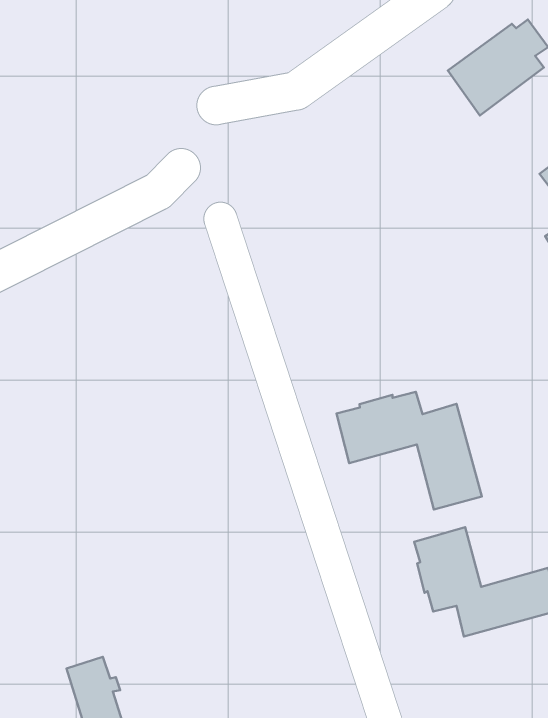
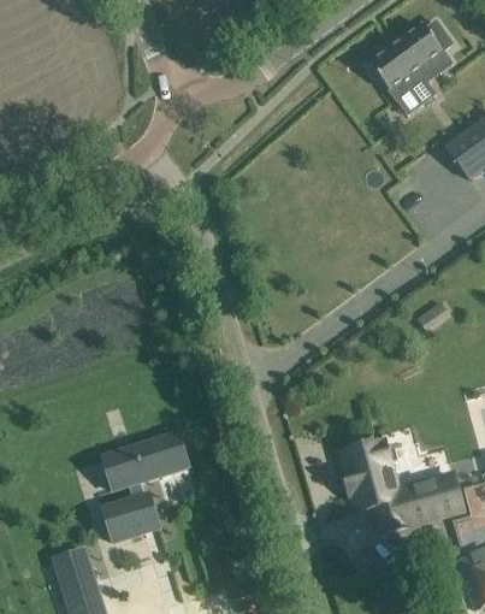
building: [336,392,482,510] -> none
building: none -> [103,432,190,542]

